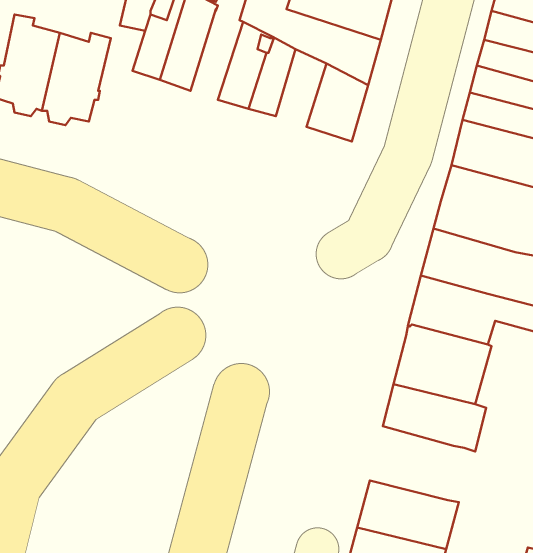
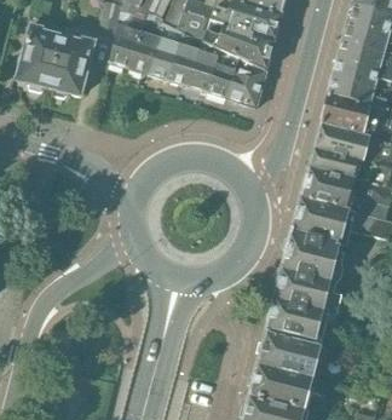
building: none -> [145,18,180,79]
building: none -> [202,45,236,97]
building: none -> [265,297,328,341]

